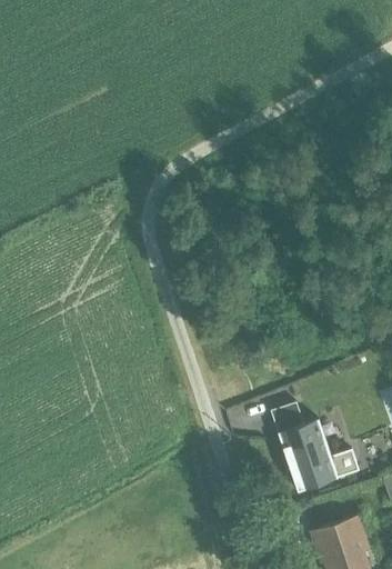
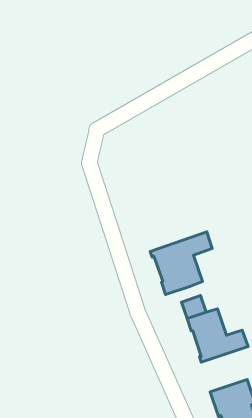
building: none -> [150,232,212,295]

